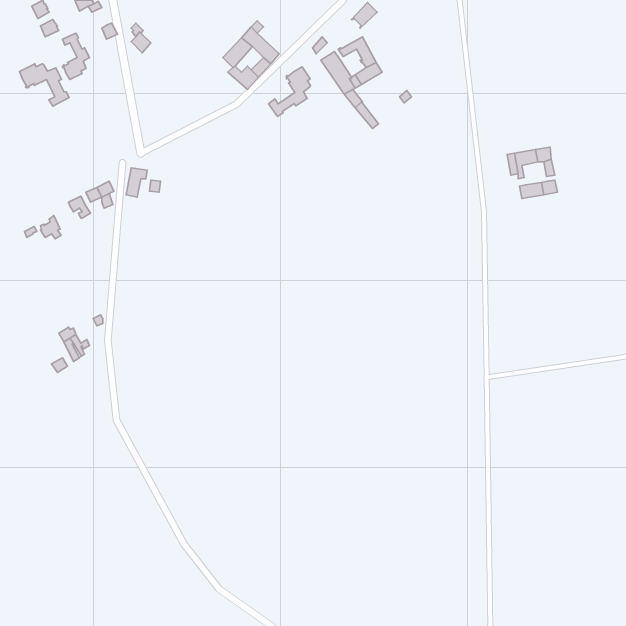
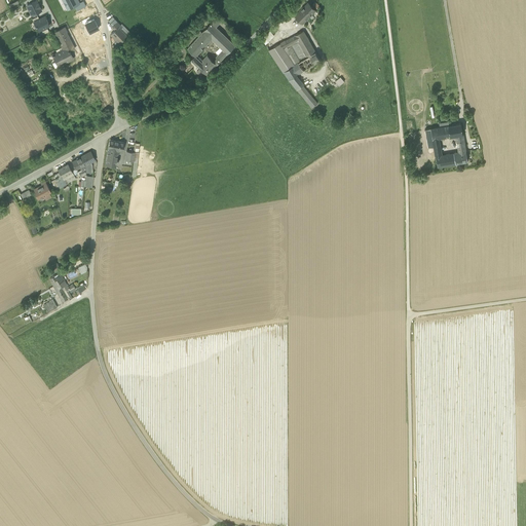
building: [19,64,69,106] -> none
building: [268,67,311,117] -> none

